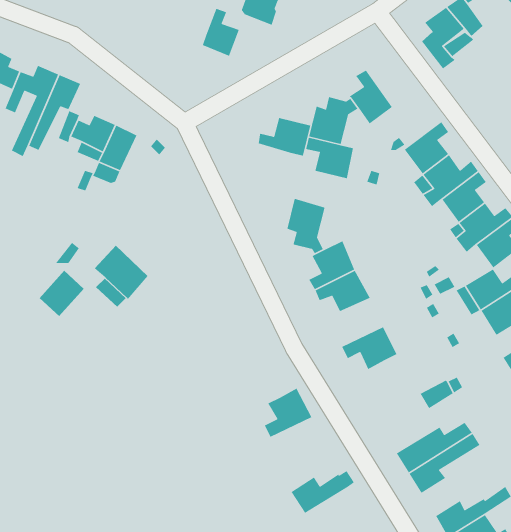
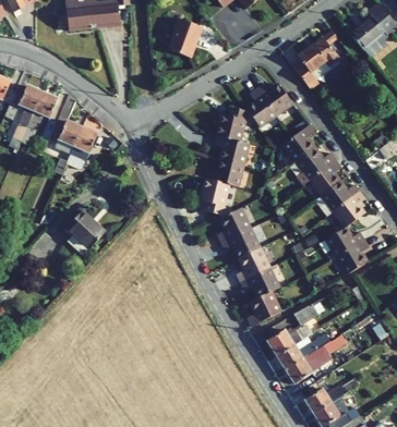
building: [202,8,240,57] -> none
building: none -> [257,83,292,114]
building: [258,117,311,156] -> [207,159,244,186]
building: none -> [237,247,269,281]
building: [264,388,312,438] -> [248,291,281,326]
building: [291,470,355,514] -> [268,325,313,355]

